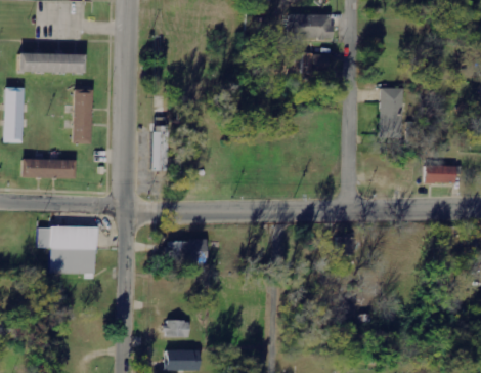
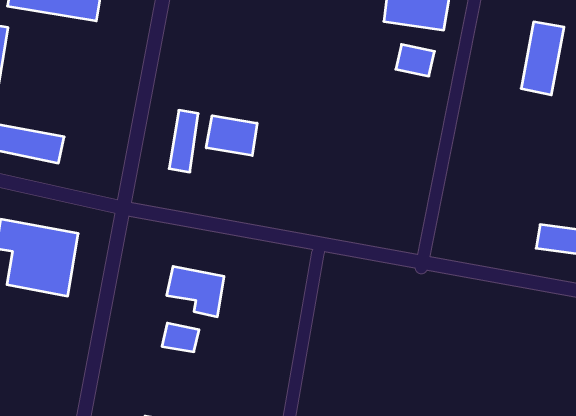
building: [381,88,404,138] -> [521,22,564,95]
building: [72,90,91,143] -> none
building: none -> [206,116,257,156]
building: [166,320,190,337] -> [162,323,199,352]

